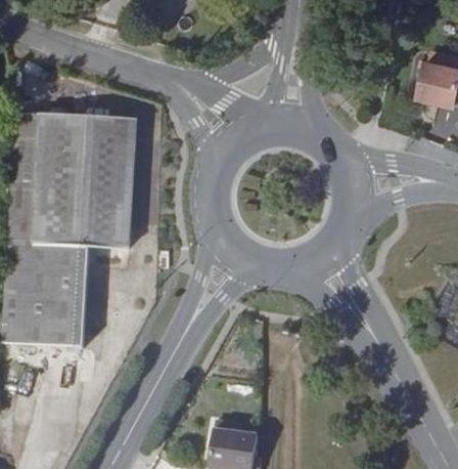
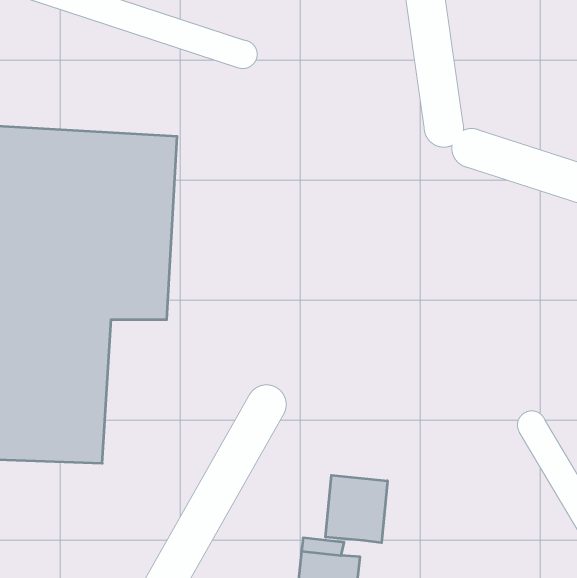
building: none -> [326,475,387,543]

